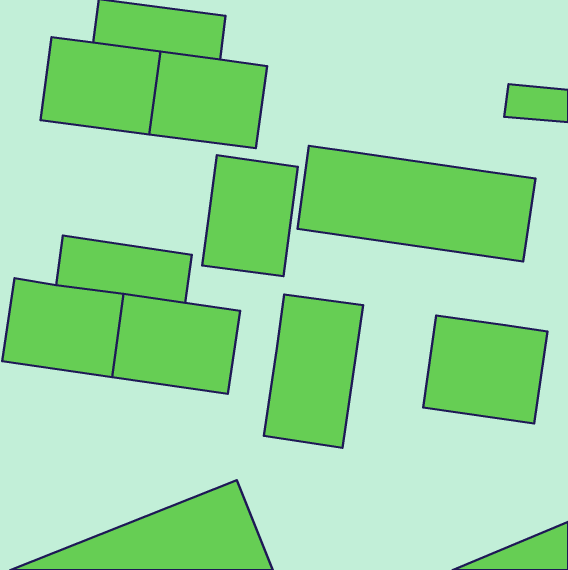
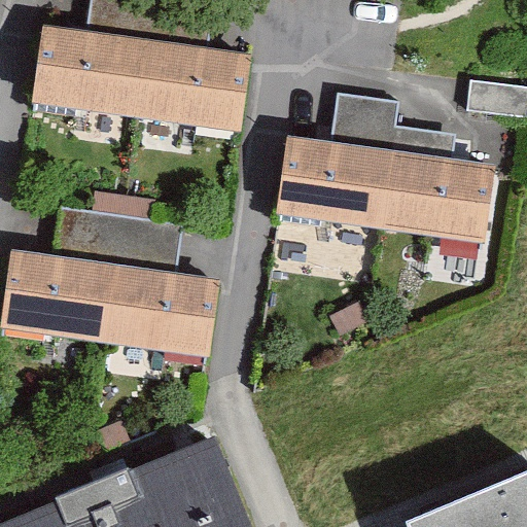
building: none -> [326,89,451,157]
building: [202,155,298,276] -> none
building: [264,294,363,448] -> none
building: [423,315,547,423] -> none

